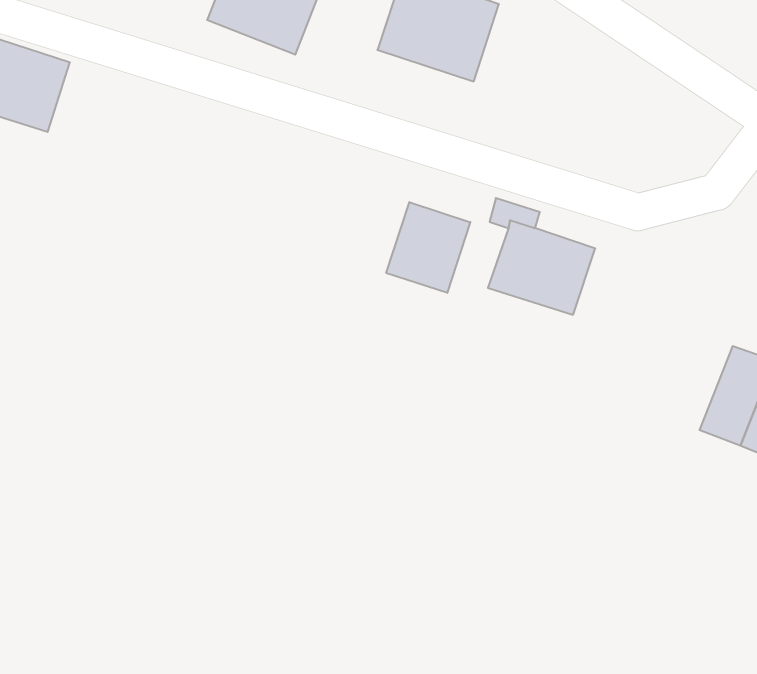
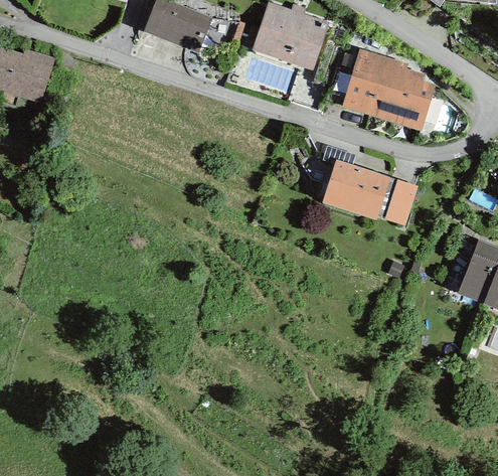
building: none -> [342,48,435,130]
building: [386,202,470,293] -> none
building: none -> [384,179,419,225]

